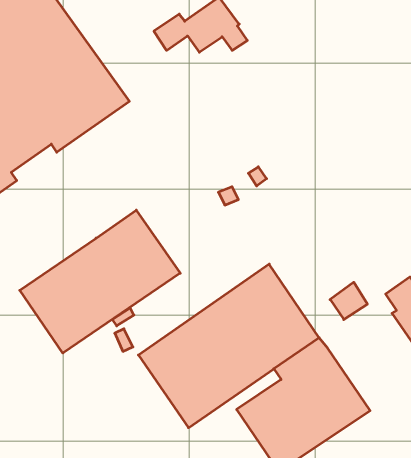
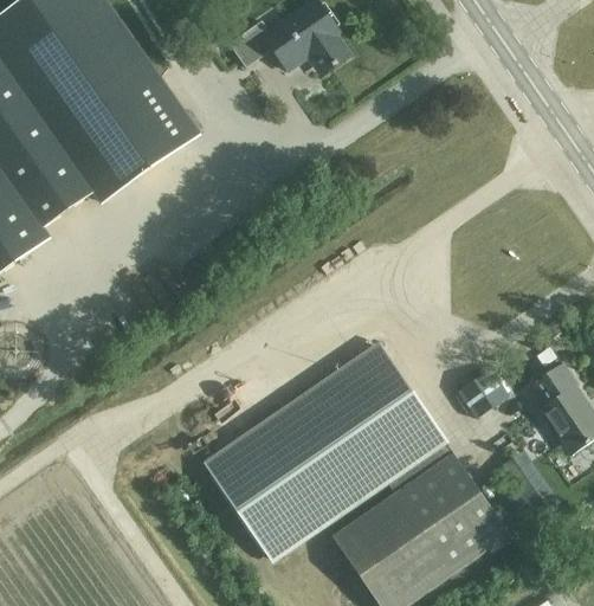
building: [20,210,180,353] -> none

